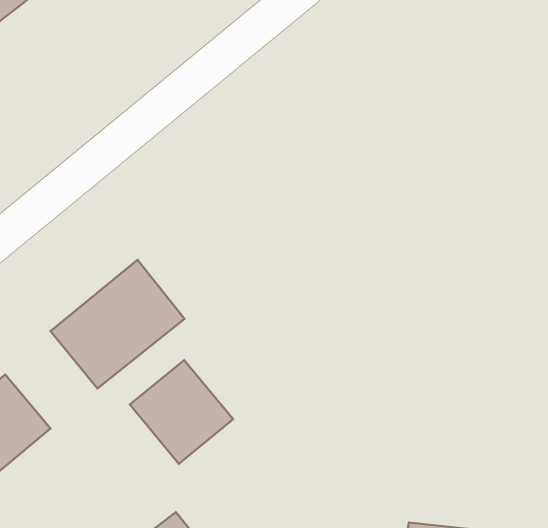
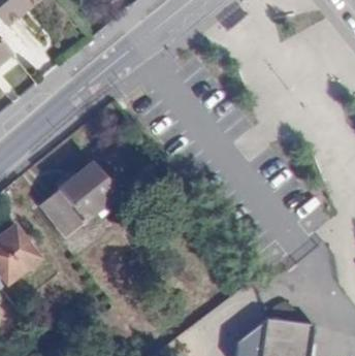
building: [130,360,233,464] -> none

